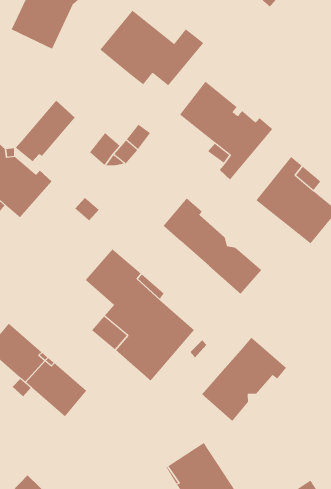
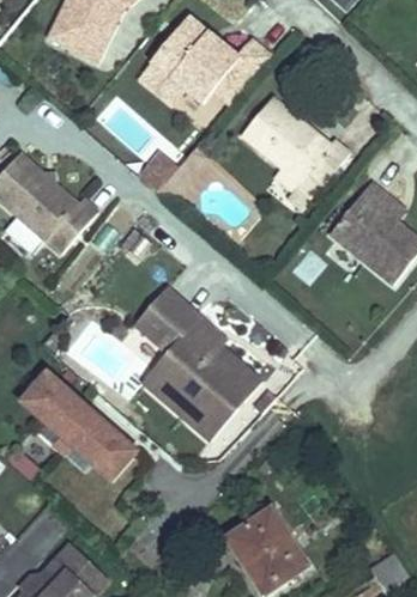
building: none -> [135,60,186,108]
building: [15,100,76,162] -> none
building: [163,198,262,294] -> none
building: [201,337,287,422] -> none

